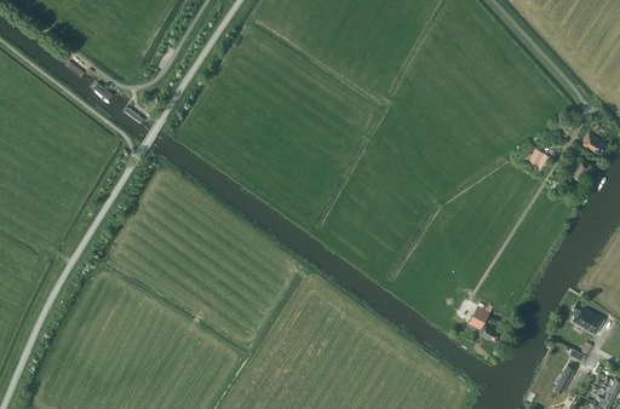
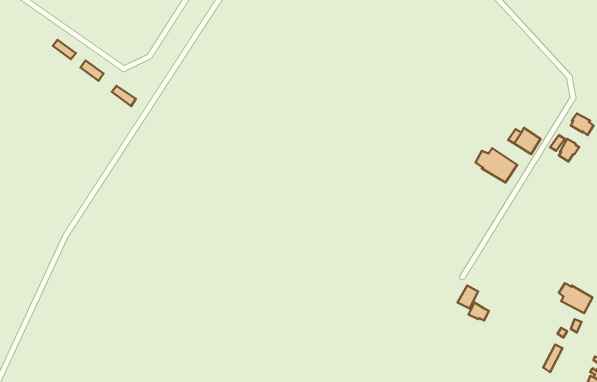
building: none -> [475,148,517,183]

